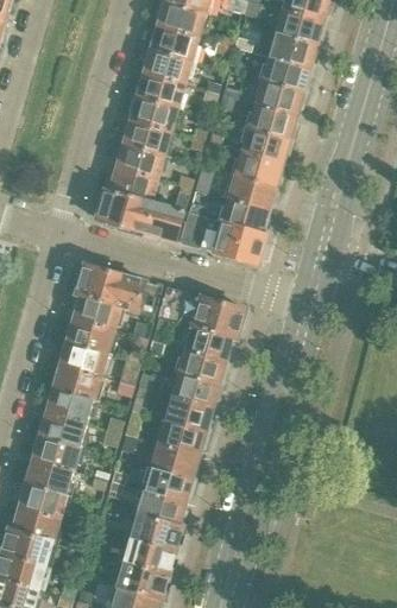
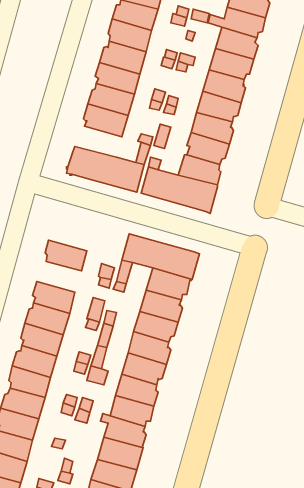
building: [106,167,158,202] -> none
building: [76,264,162,316] -> none
building: [63,318,113,353] -> none

